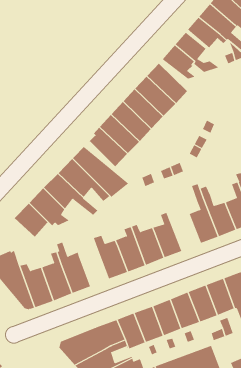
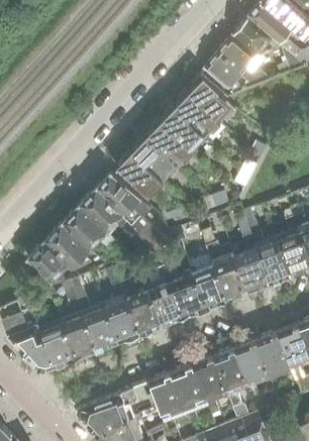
building: none -> [202,233,249,301]
building: none -> [103,269,139,343]

